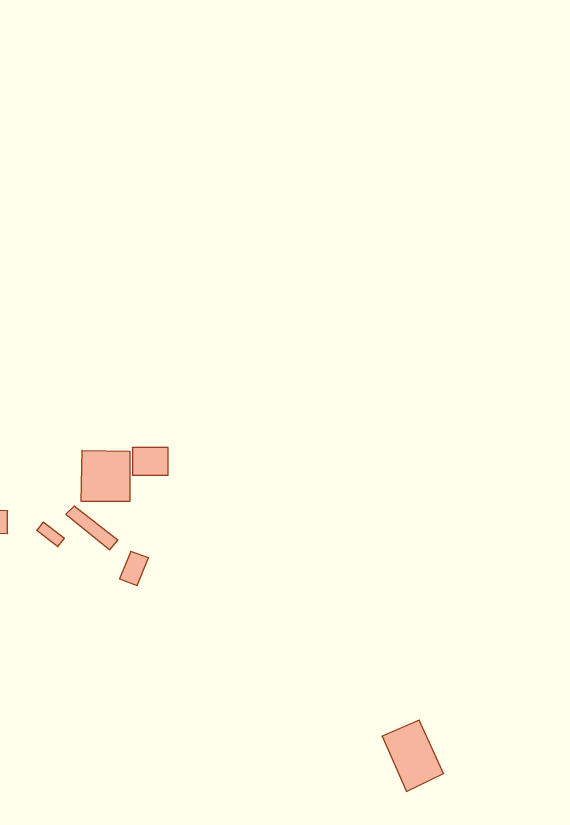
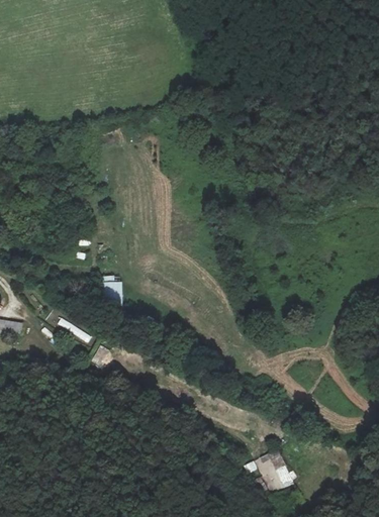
building: [81,450,130,501] -> none

